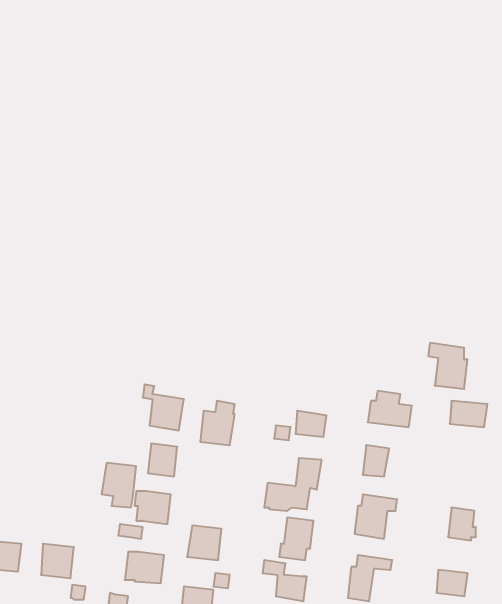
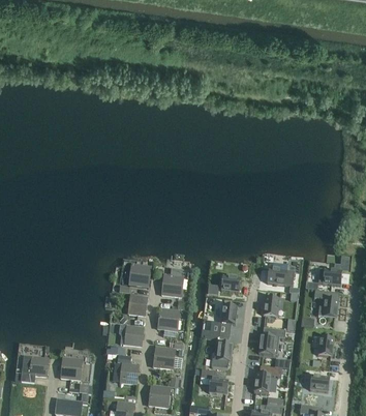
building: [428,343,468,389] -> [314,289,339,318]
building: [102,463,136,507] -> [157,308,179,336]

